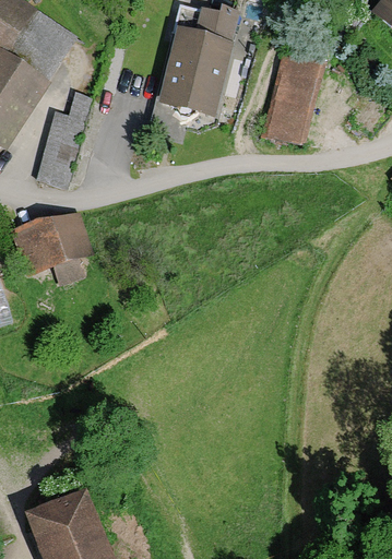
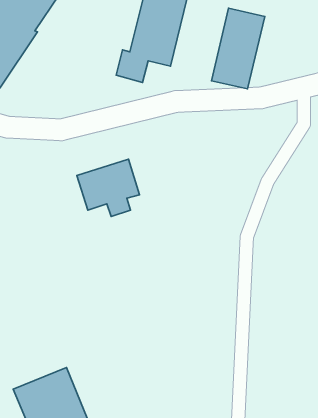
building: [36,90,93,186] -> none
building: [14,214,90,283] -> [77,159,139,216]

